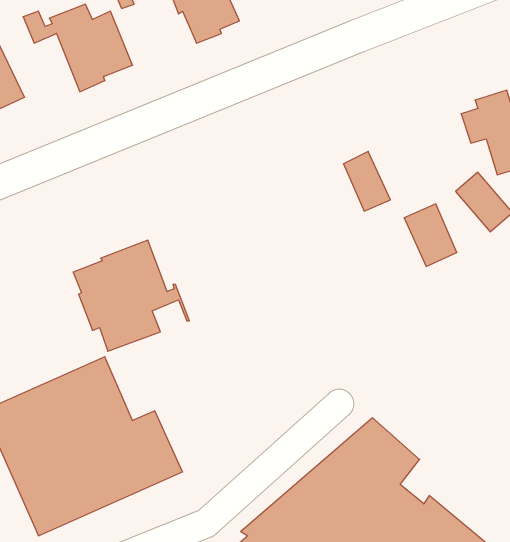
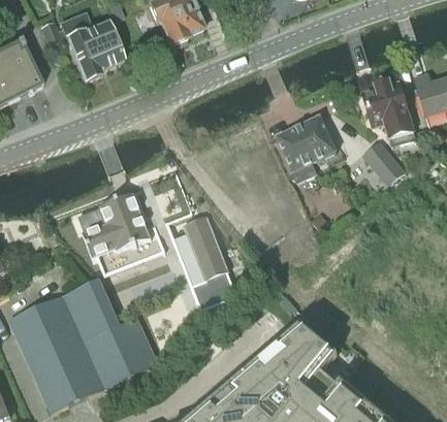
building: [404,204,457,266] -> [296,115,336,161]
building: none -> [181,213,235,311]

